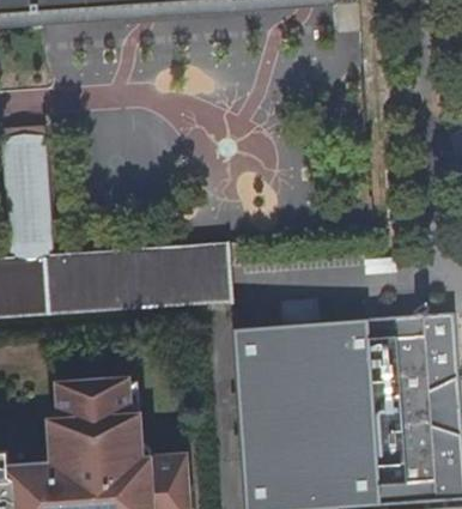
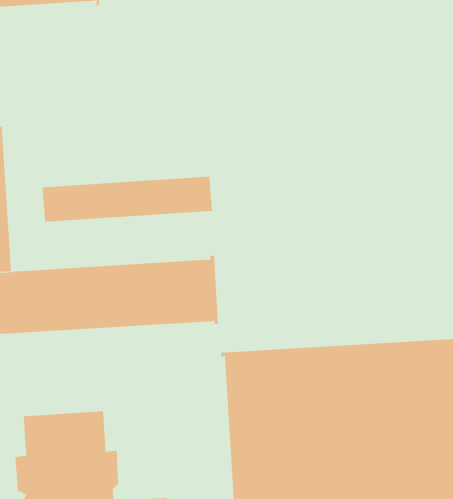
building: none -> [42,176,213,222]

